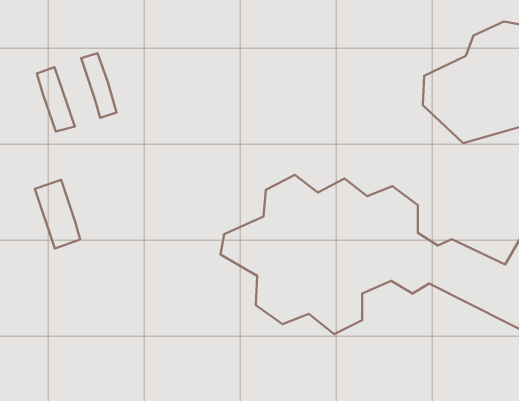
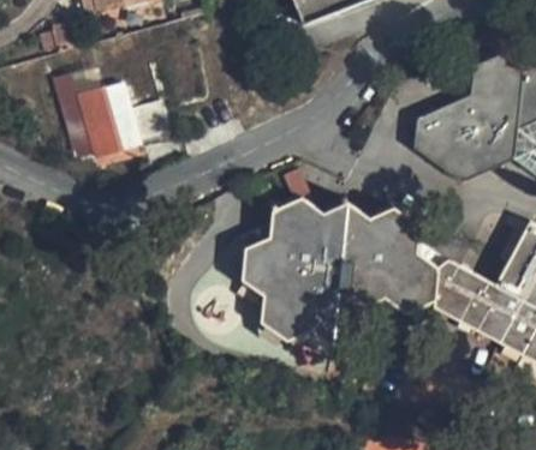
building: [35,180,80,248] -> [72,90,115,155]

